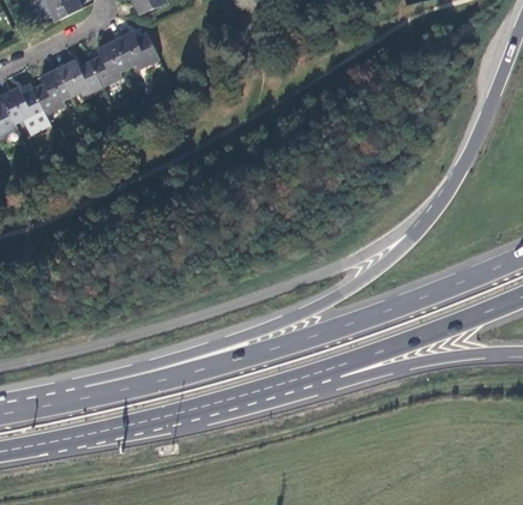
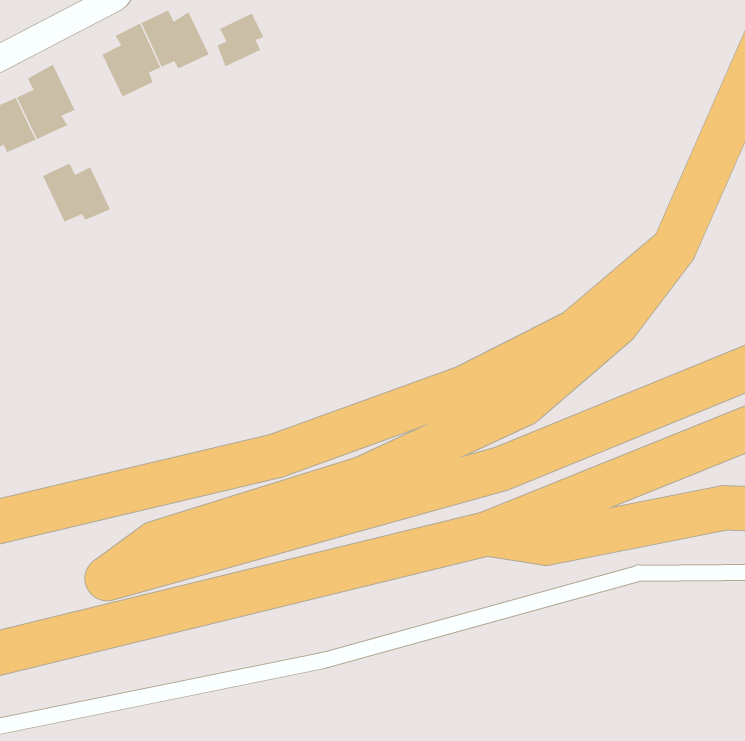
building: none -> [217,13,264,67]
building: [56,58,101,96] -> [42,163,111,222]

